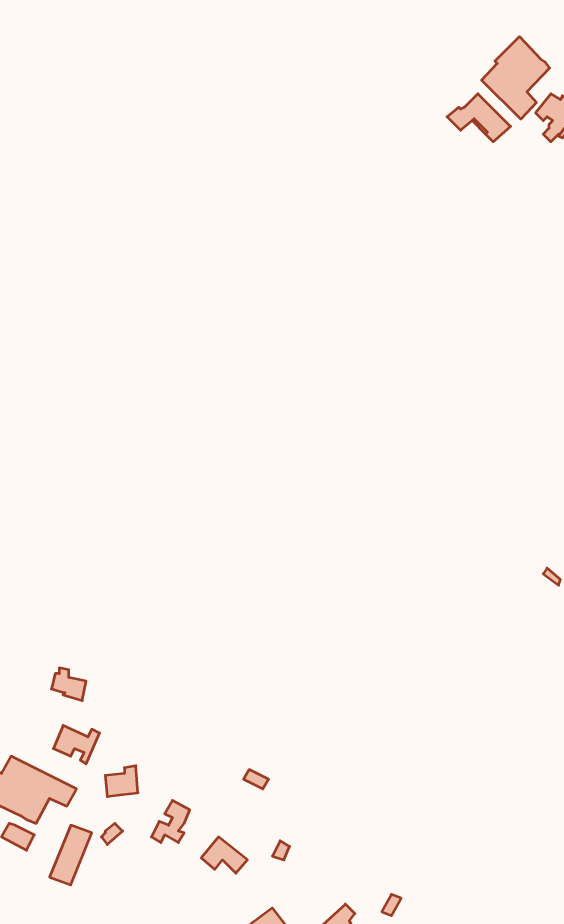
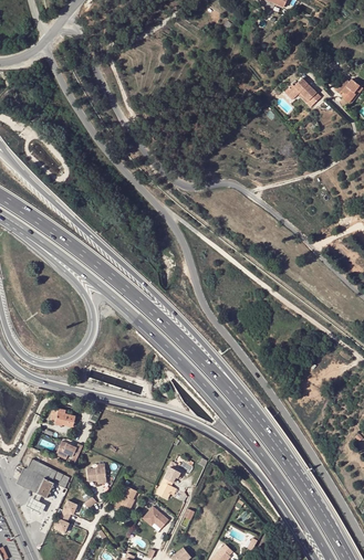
building: [482,37,550,119] -> none

